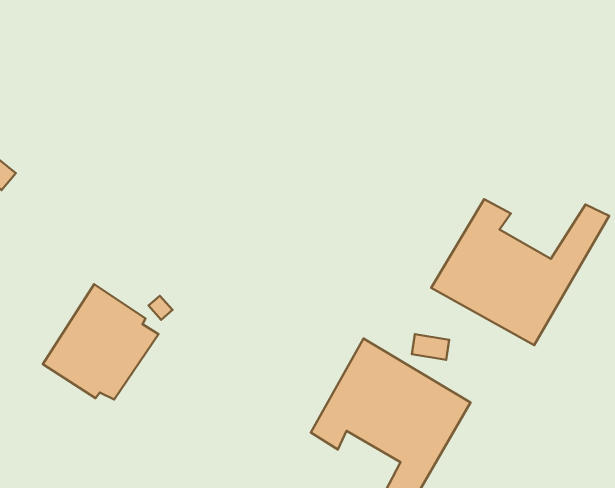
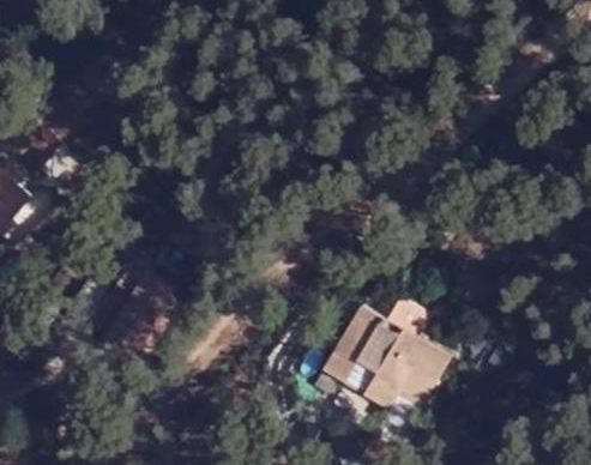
building: [431,199,609,345] -> none

